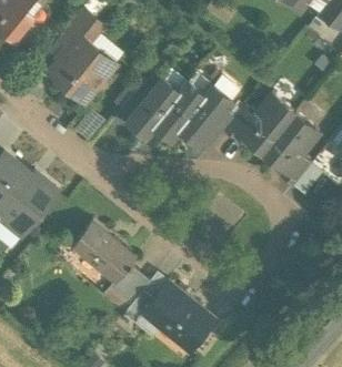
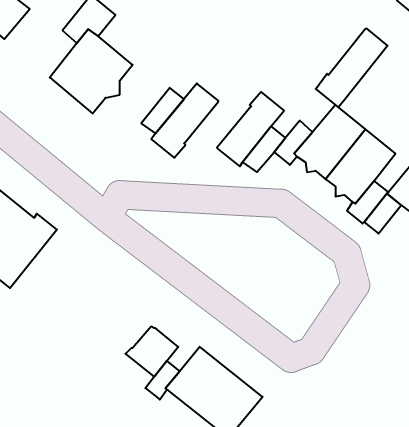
building: none -> [316,28,388,107]
building: [154,81,207,139] -> none
building: [71,222,135,283] -> none

